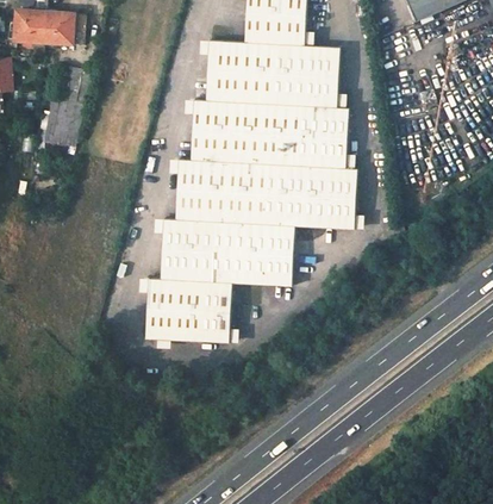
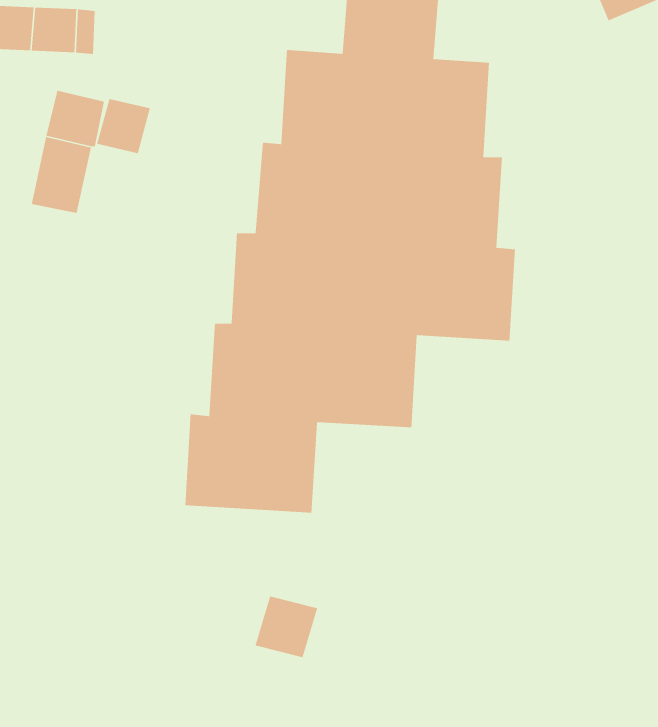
building: none -> [96,98,151,154]
building: none -> [254,595,318,658]

